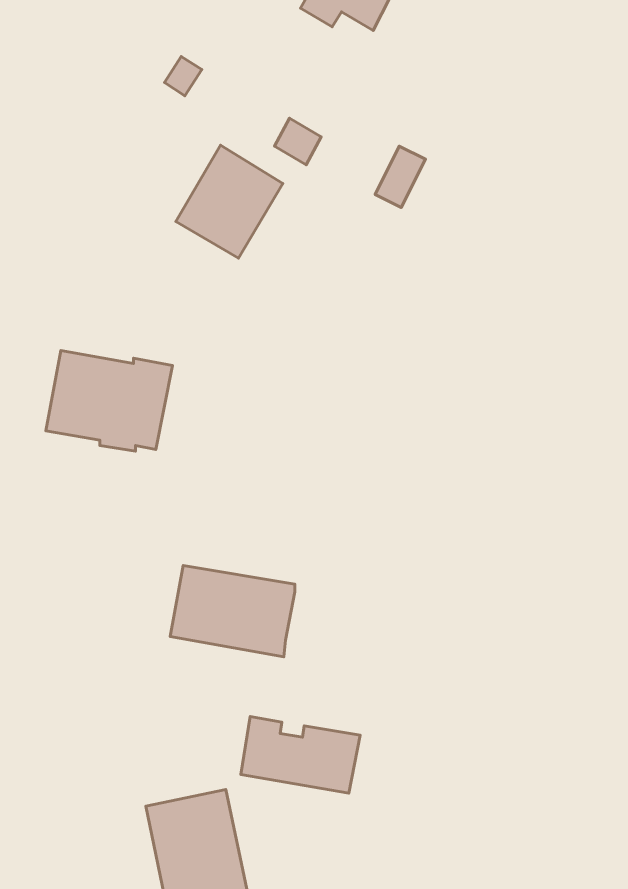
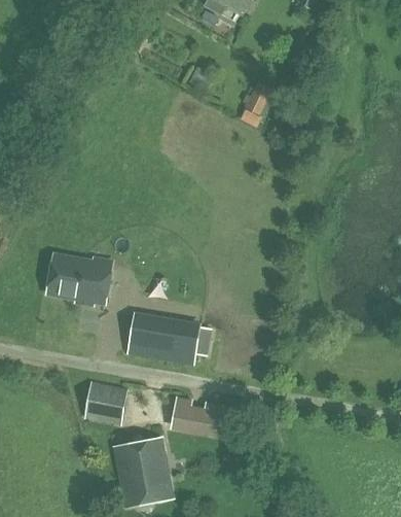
building: [176,145,283,258] -> none
building: [46,351,173,451] -> [42,251,112,307]
building: none -> [84,382,126,423]

